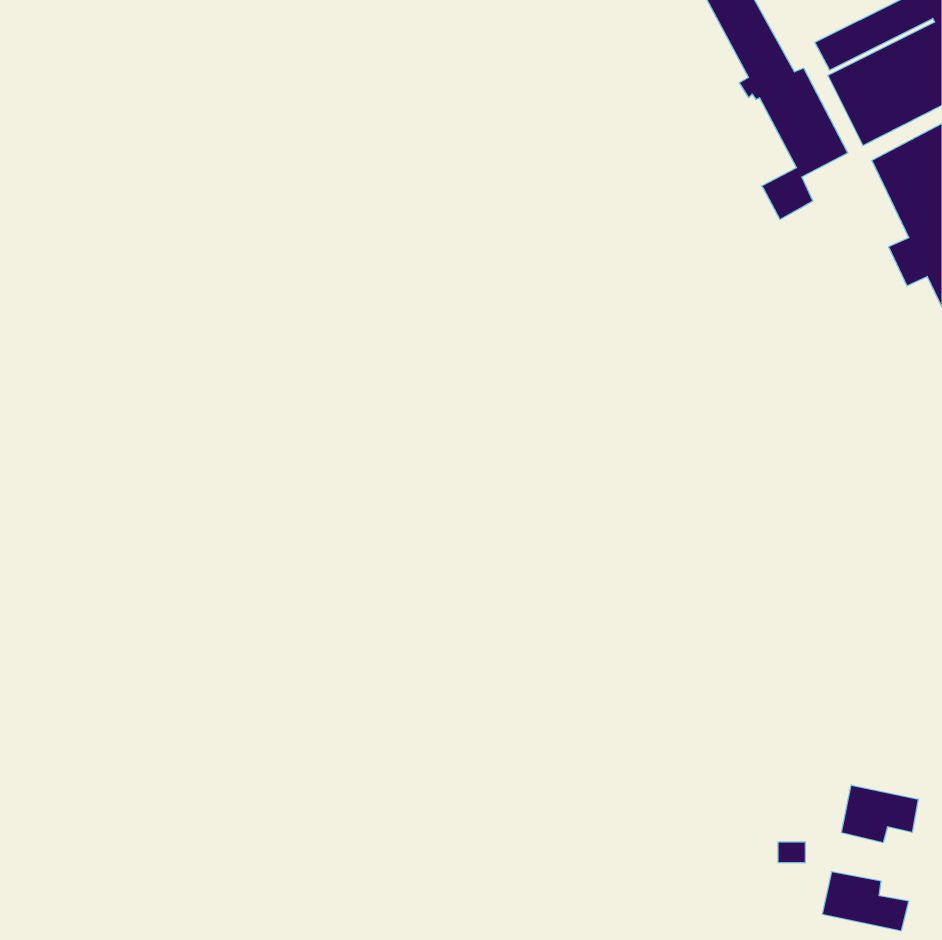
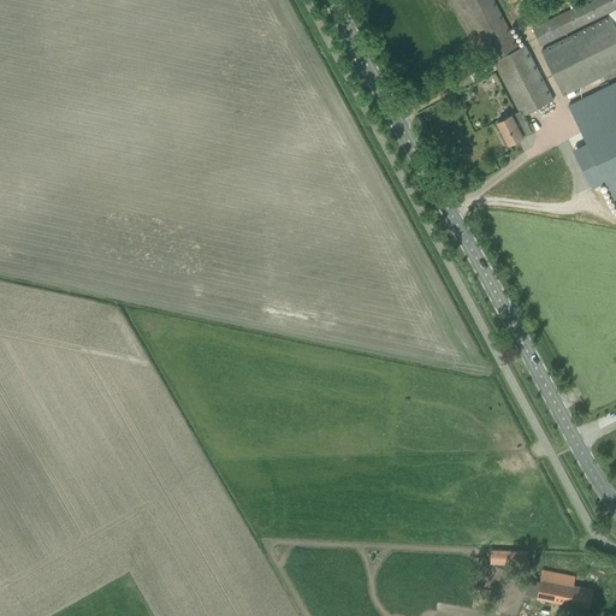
building: [842,785,918,843] -> none

